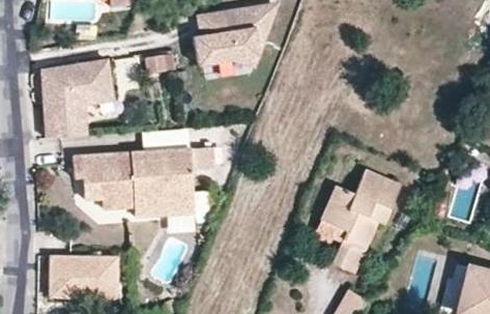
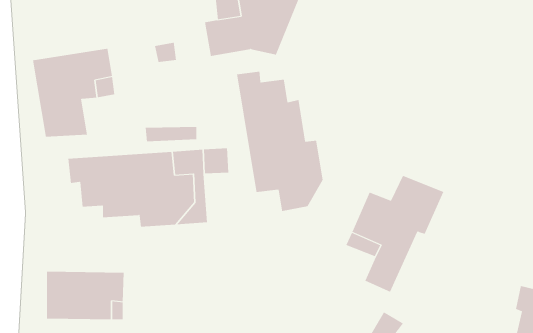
building: none -> [237,71,323,212]

